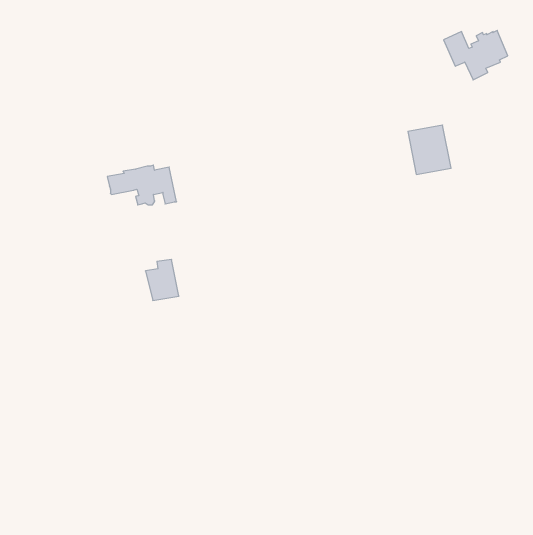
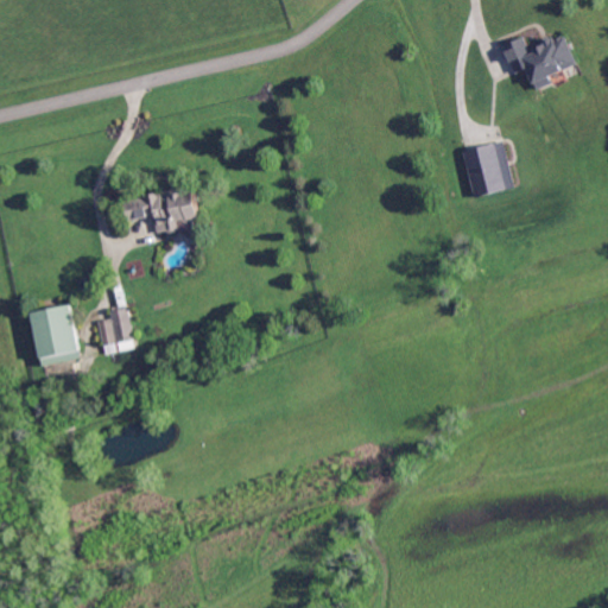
building: [145,259,179,300] -> [96,306,134,353]
building: none -> [32,304,81,365]

